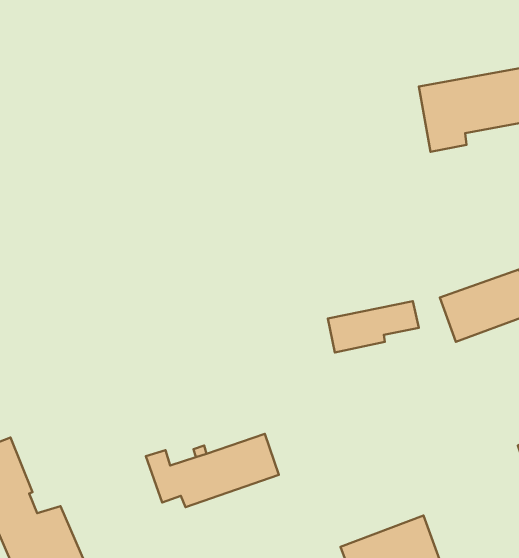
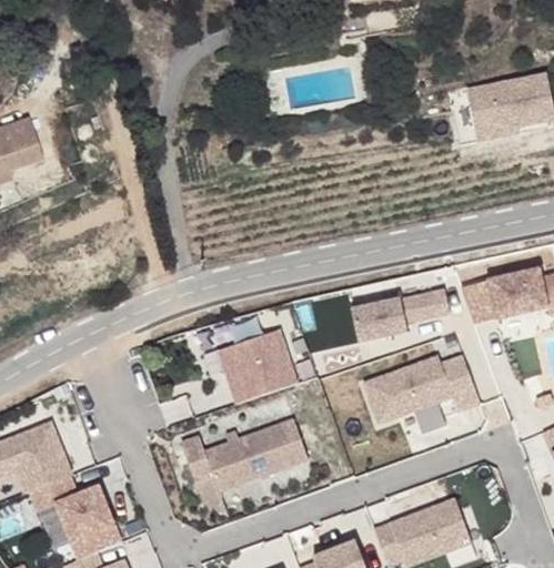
building: none -> [224,331,301,403]
building: none -> [365,356,482,425]

